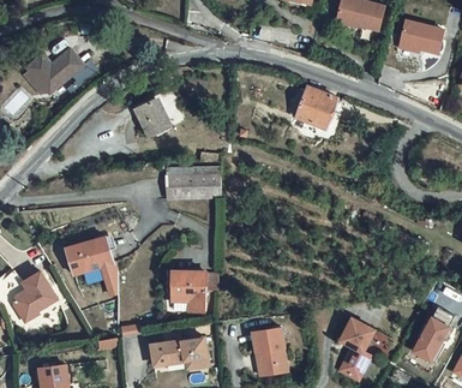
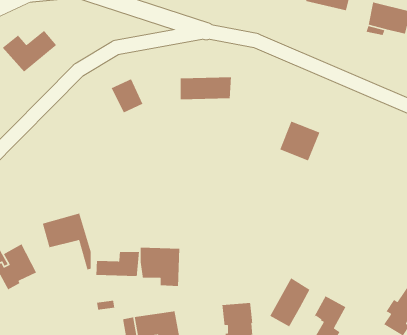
building: [295,86,337,129] -> [279,120,320,162]
building: [167,174,220,198] -> [180,77,232,100]
building: none -> [96,251,140,277]
building: none -> [269,277,310,327]

